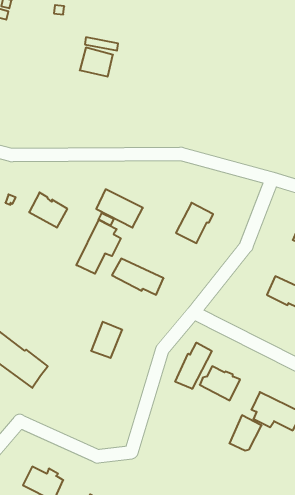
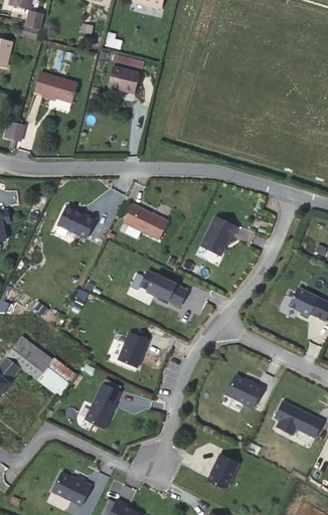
building: none -> [34,71,77,103]
building: [76,220,121,274] -> none
building: [175,343,212,389] -> none
building: none -> [86,384,121,428]
building: [229,415,262,450] -> [208,454,239,488]

